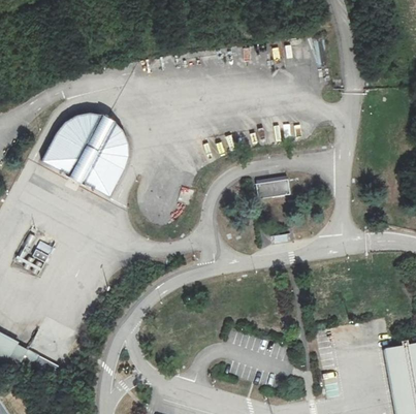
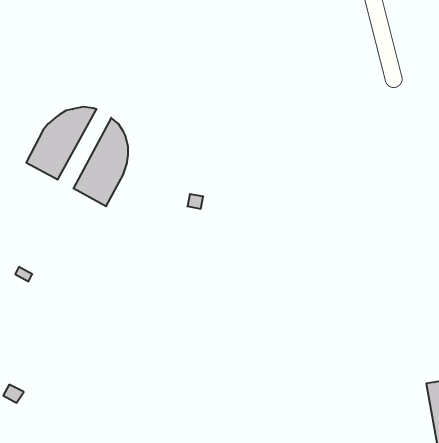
building: [69,115,115,182] -> none
building: [256,179,291,199] -> none

